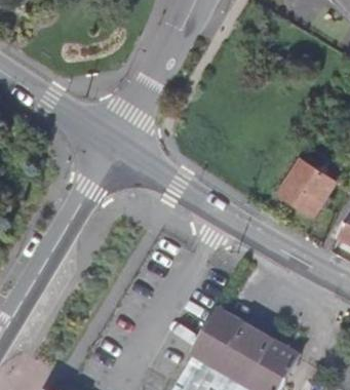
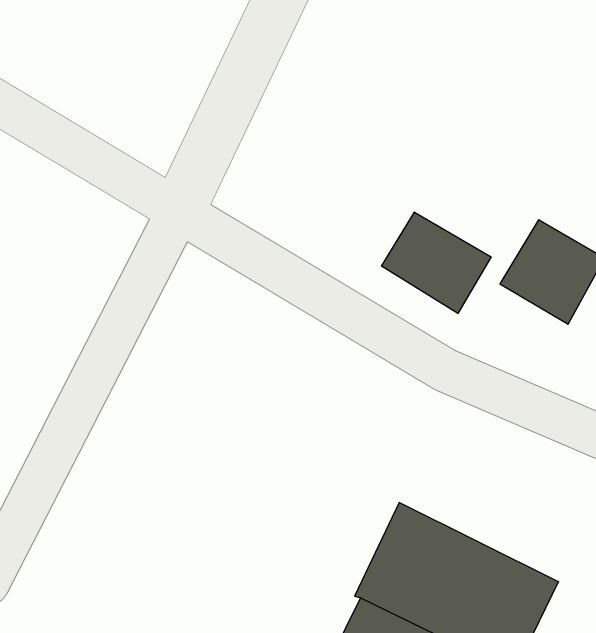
building: none -> [382,212,491,313]

